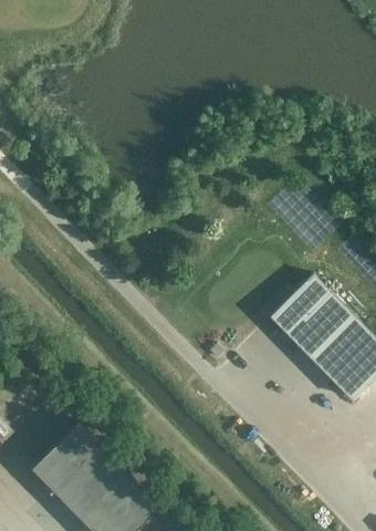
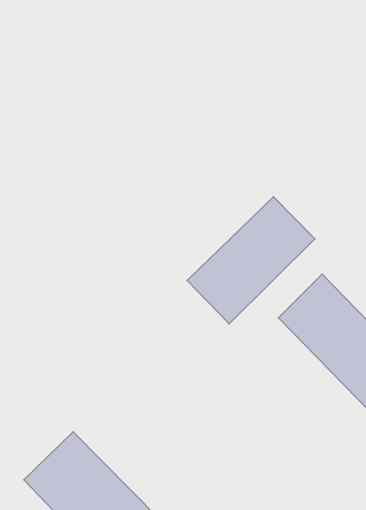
building: none -> [187,197,315,324]

